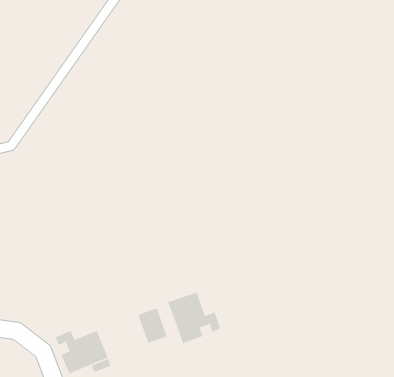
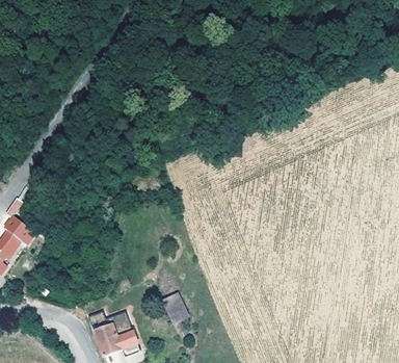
building: [167,291,221,344] -> none

